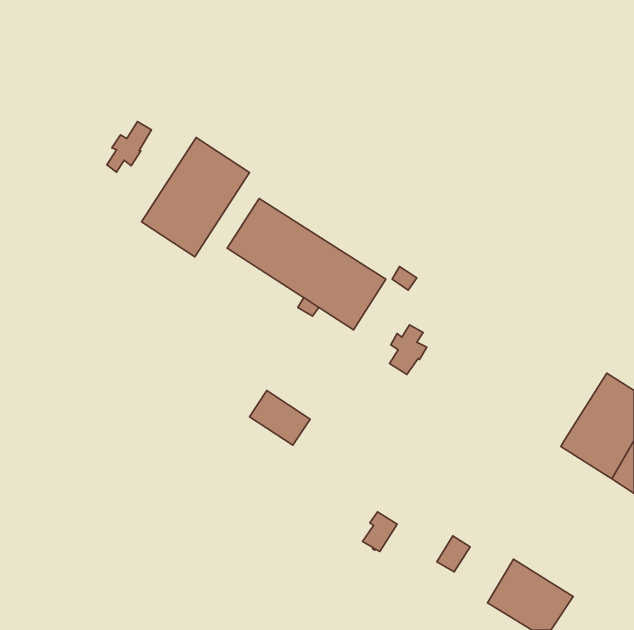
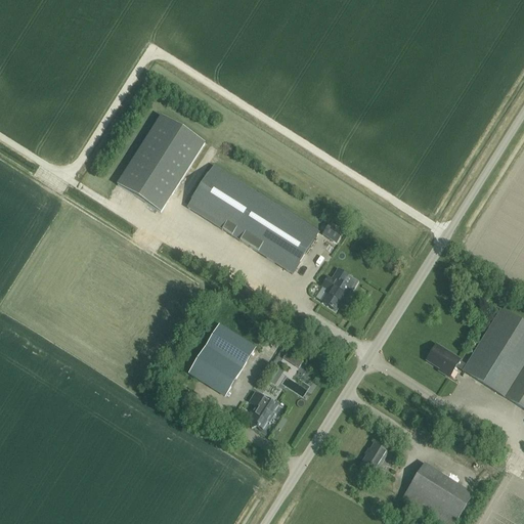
building: [107,121,152,172] -> none
building: none -> [426,343,466,375]
building: none -> [189,344,242,394]
building: [362,512,397,551] -> [249,394,277,427]

